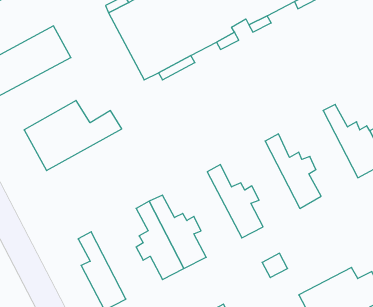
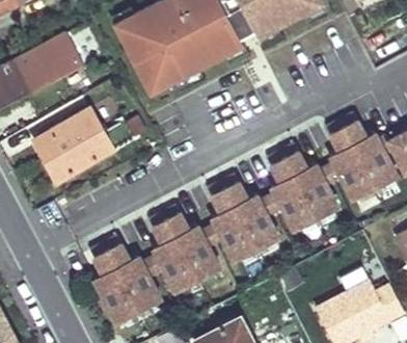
building: none -> [326,121,375,201]
building: none -> [267,152,316,232]
building: none -> [208,183,256,262]
building: none -> [103,237,161,313]

